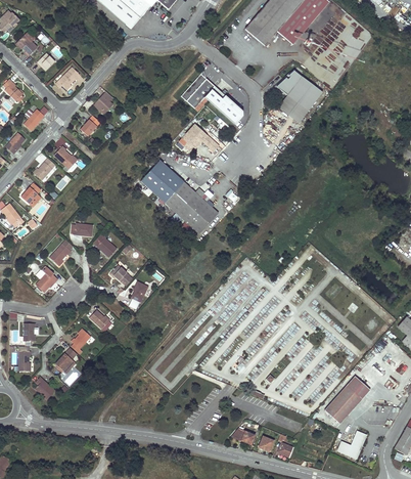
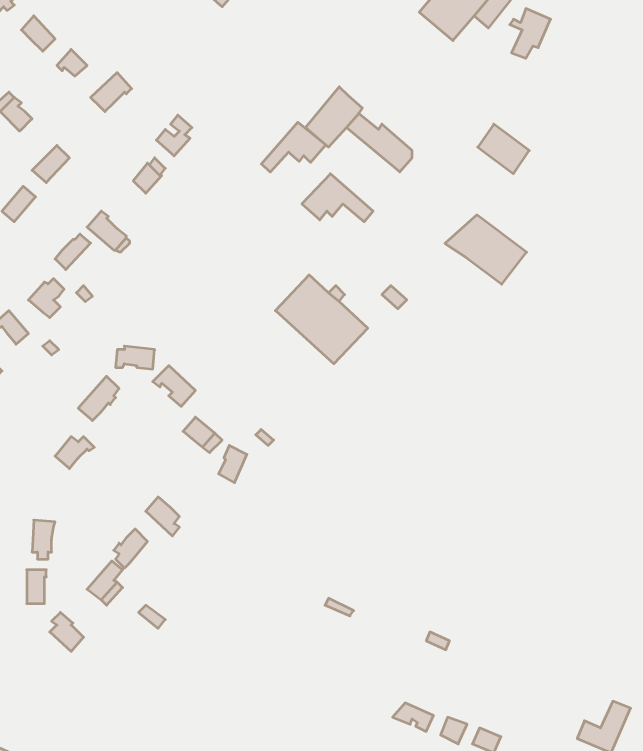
building: [276,71,323,111] -> [445,215,527,284]
building: none -> [261,122,326,172]
building: [139,160,182,203] -> none
building: [323,375,369,422] -> none

